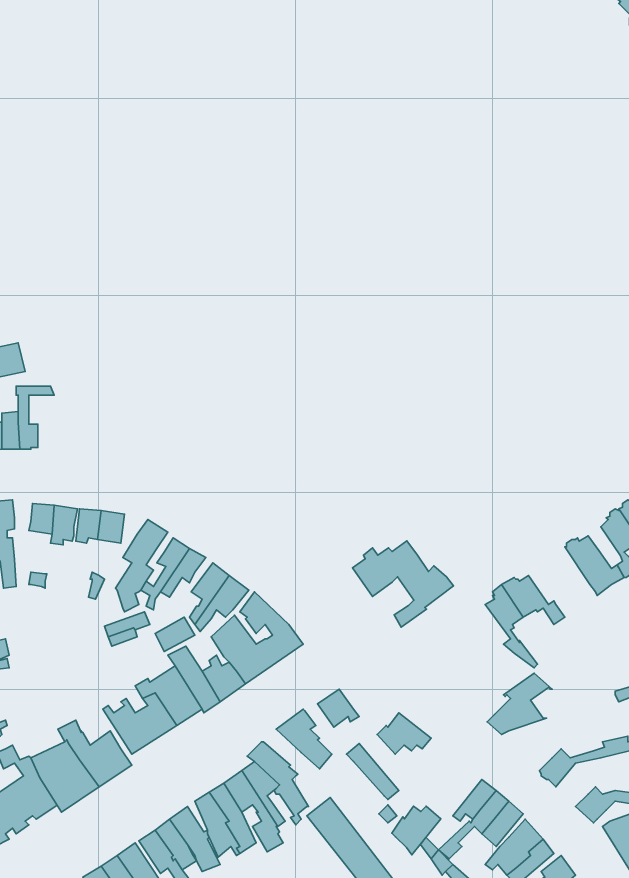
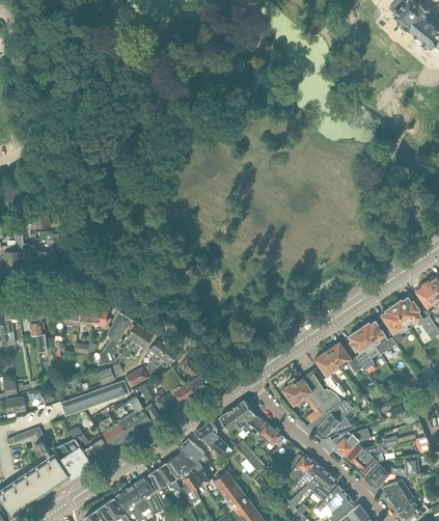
building: [353,541,454,627] -> [281,374,339,423]
building: none -> [348,327,378,371]
building: none -> [59,380,129,416]
building: none -> [230,401,265,435]
building: none -> [330,428,369,455]
building: none -> [355,448,384,474]
building: [392,806,441,855] -> [284,454,312,482]

